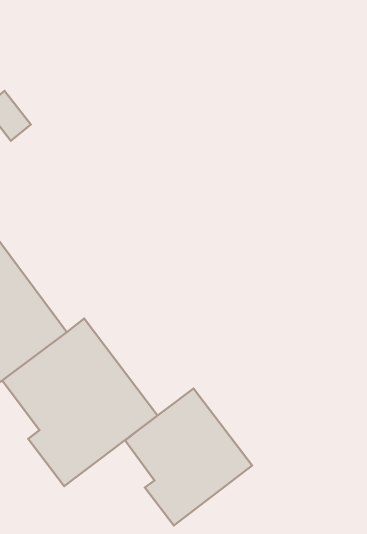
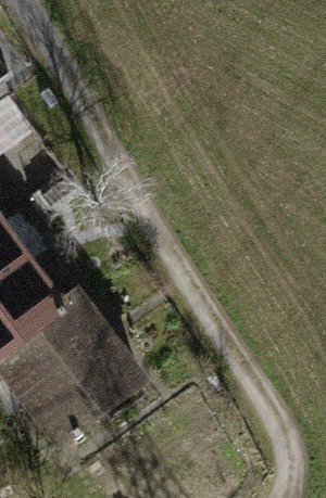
building: [125,388,252,526] -> none

